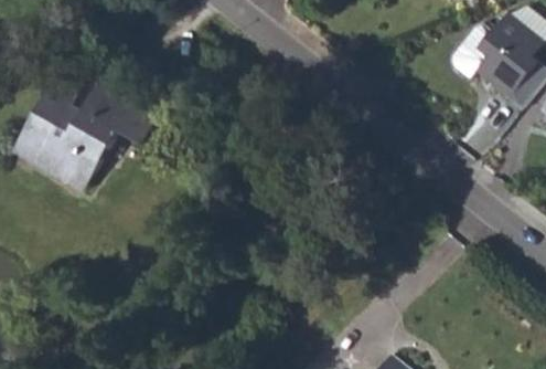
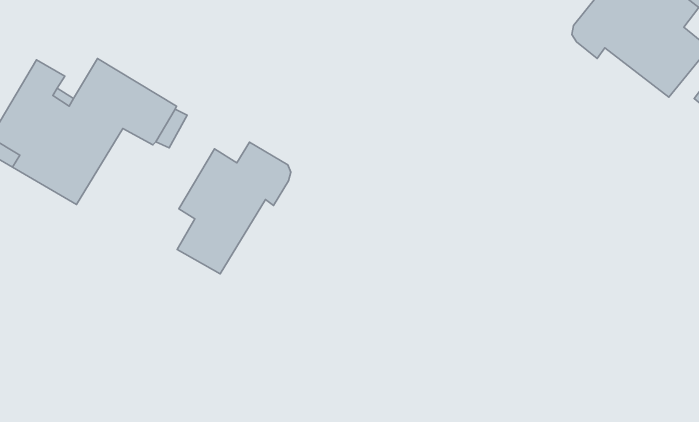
building: none -> [177,142,291,274]

